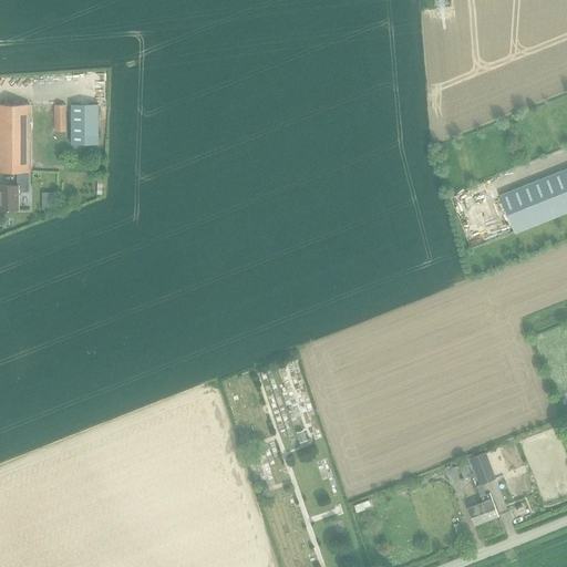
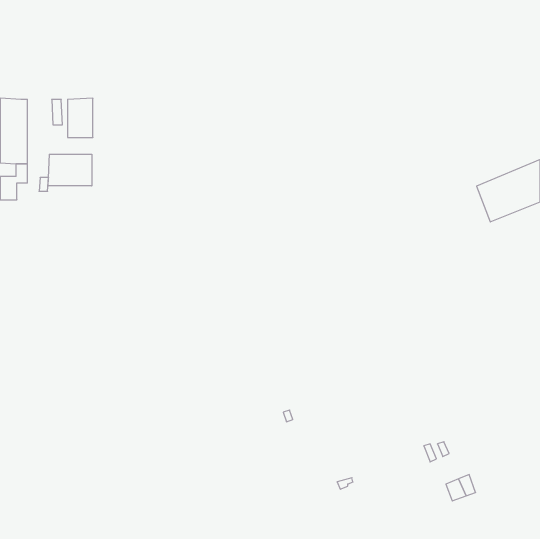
building: none -> [48,154,92,186]
building: [470,453,495,485] -> none

